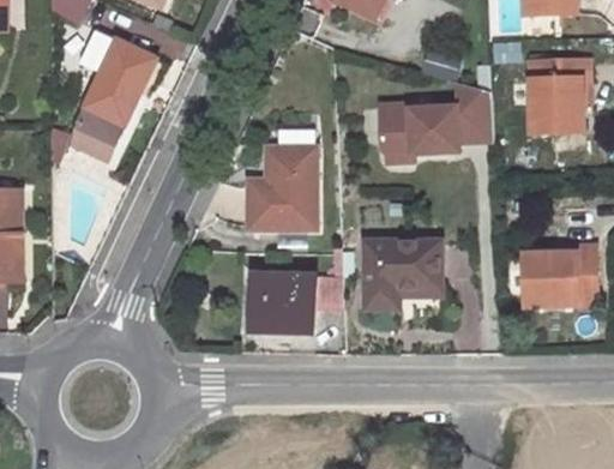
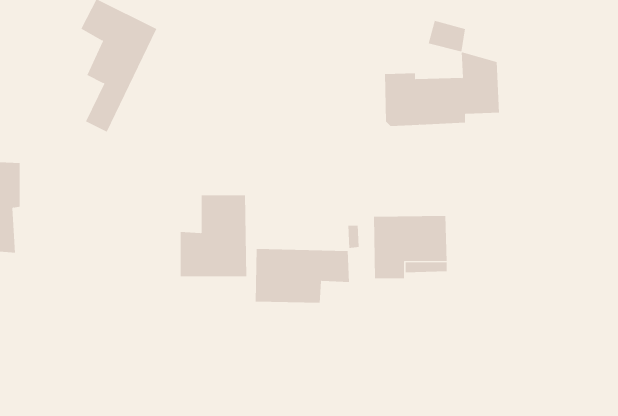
building: [530,60,588,131] -> none
building: [251,148,317,228] -> [180,195,247,277]
building: [520,247,591,308] -> none

